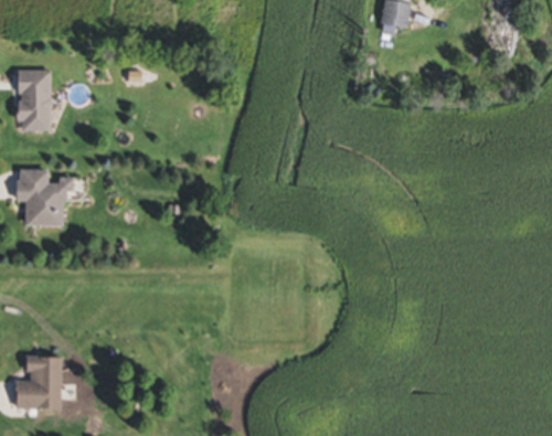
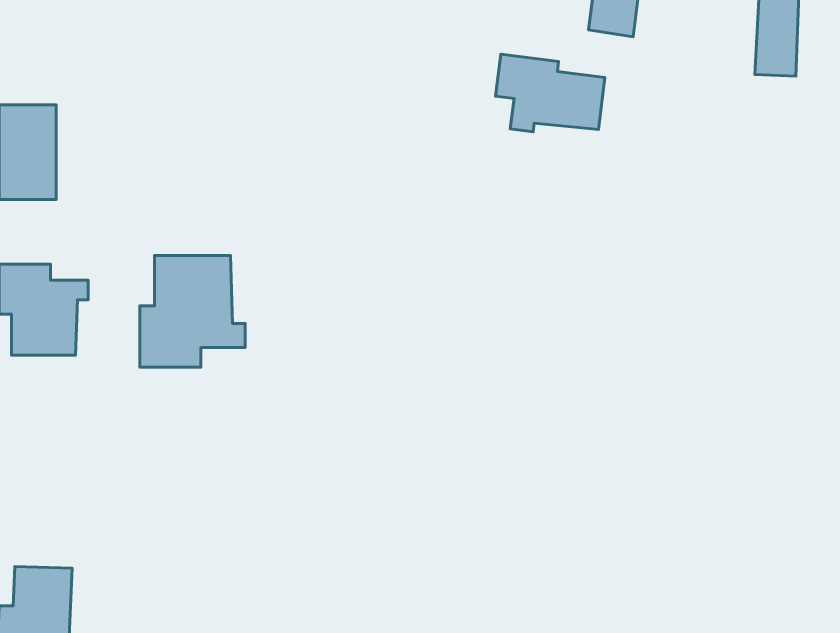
building: none -> [495,54,605,132]
building: none -> [140,256,245,367]

